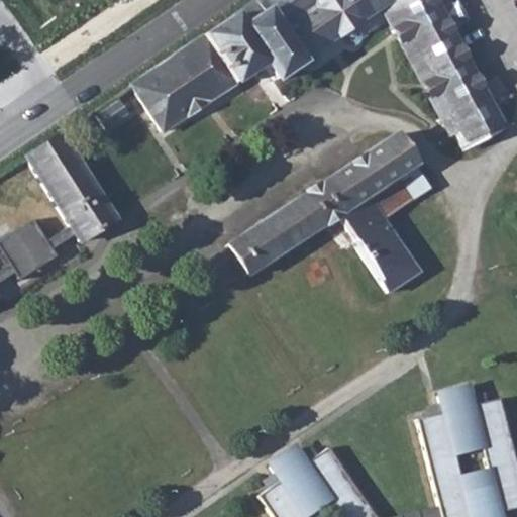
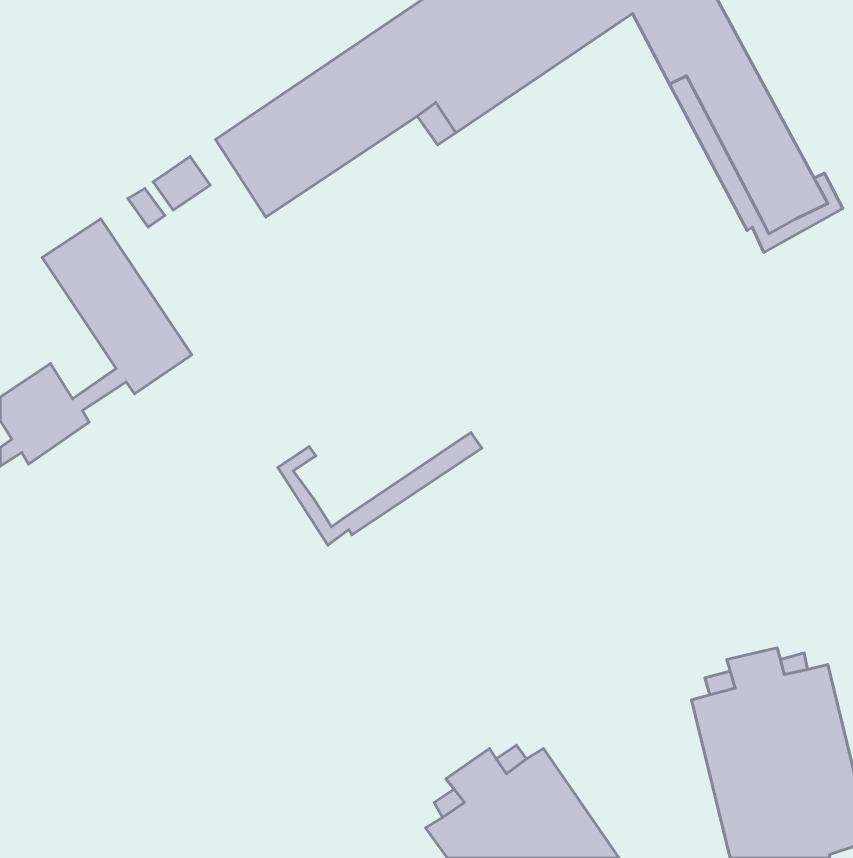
building: [228,135,431,293] -> none
building: none -> [278,432,482,545]

